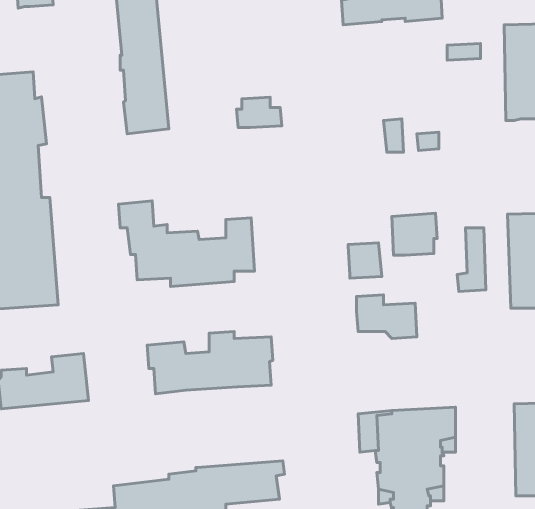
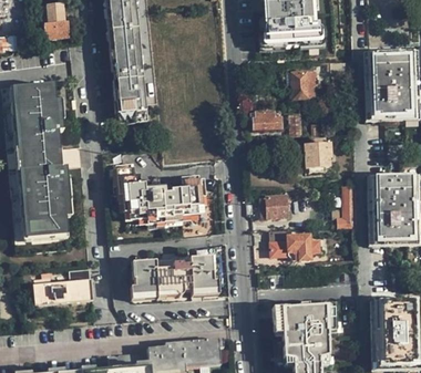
building: none -> [290,71,317,100]
building: [237,97,282,127] -> [251,111,281,131]
building: [392,213,437,255] -> [302,142,332,169]

